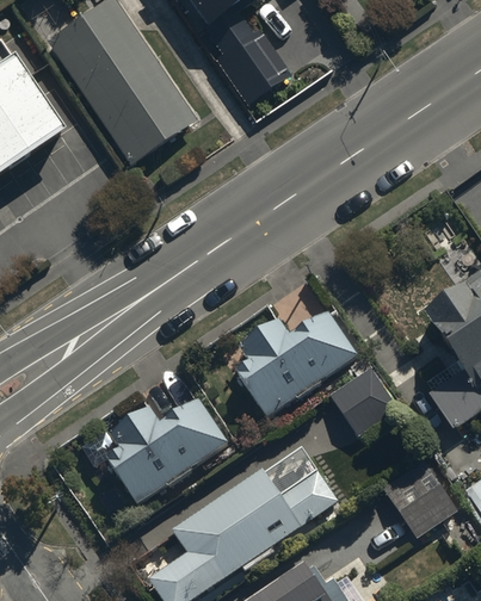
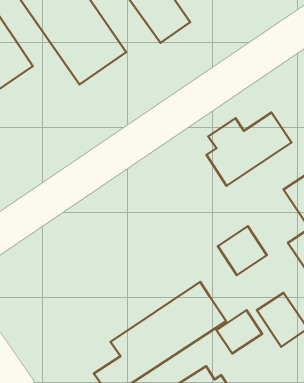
building: [236,310,358,415] -> [206,112,291,186]
building: [106,397,228,502] -> none
building: none -> [216,310,262,354]

